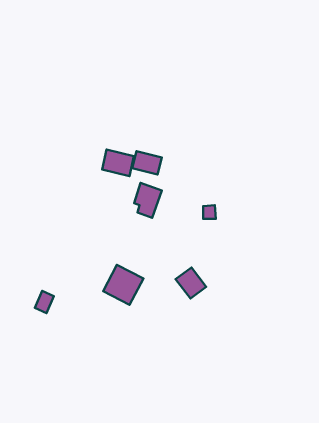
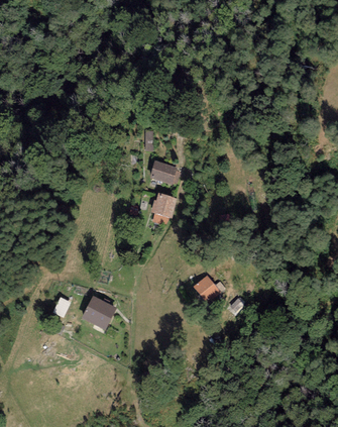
building: [102,150,134,176] -> none
building: [103,265,143,305] -> [78,293,116,331]

